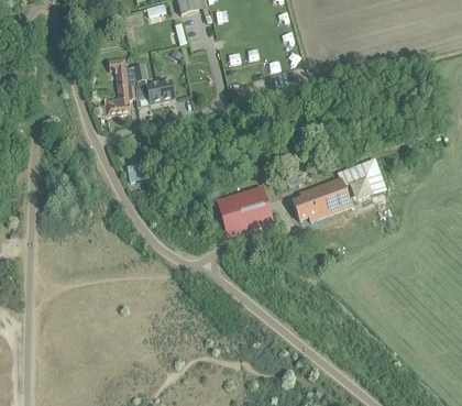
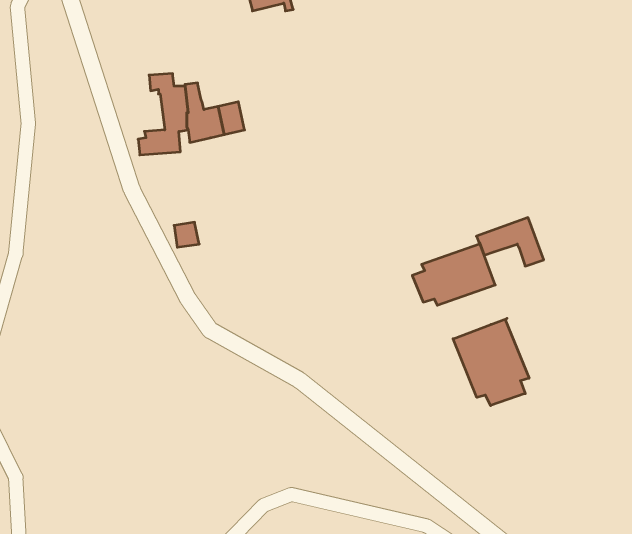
building: [216,185,273,235] -> none
building: none -> [453,318,529,406]

